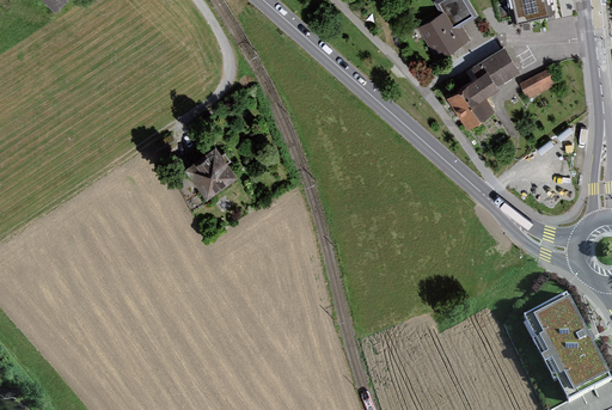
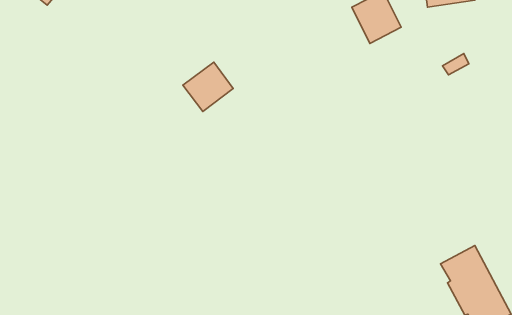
building: [455,51,520,124] -> none
building: [182,145,241,203] -> [183,62,233,112]

